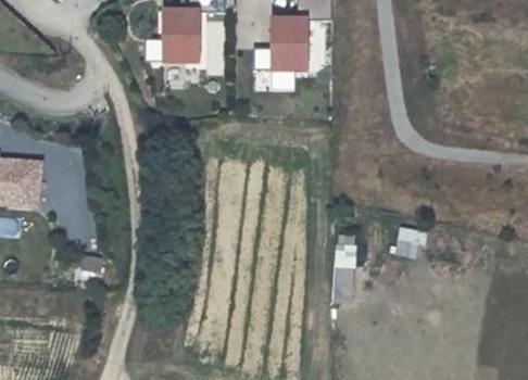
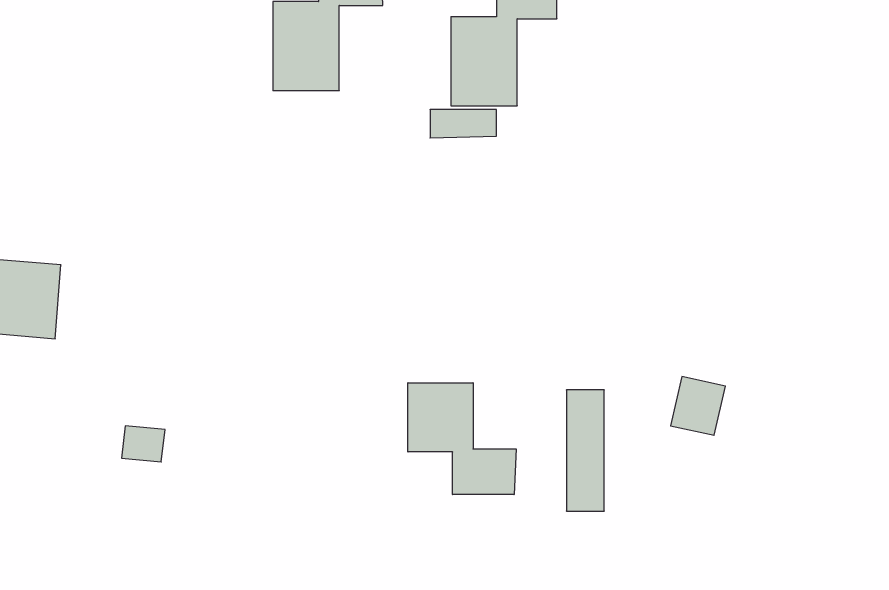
building: none -> [408,383,516,495]

